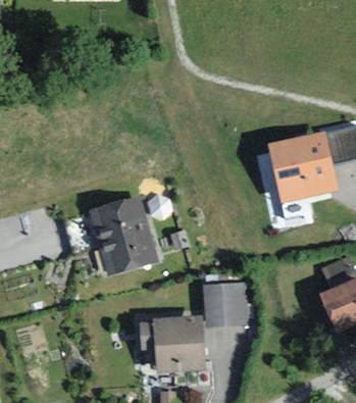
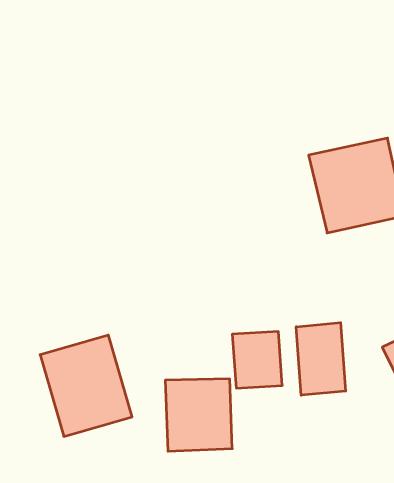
building: [90,198,161,276] -> [40,335,132,436]
building: none -> [296,323,346,395]

